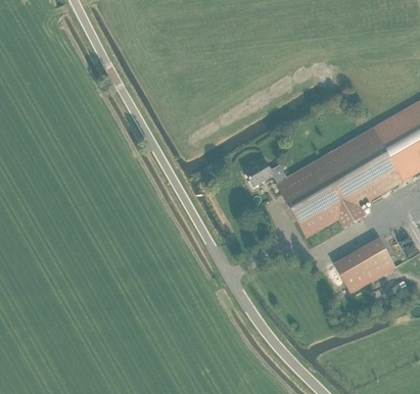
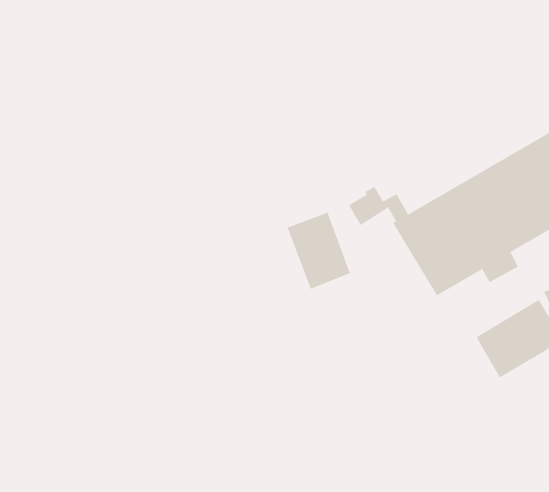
building: none -> [287,212,351,290]

